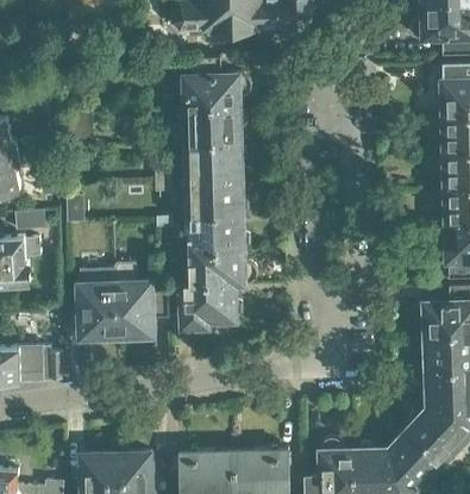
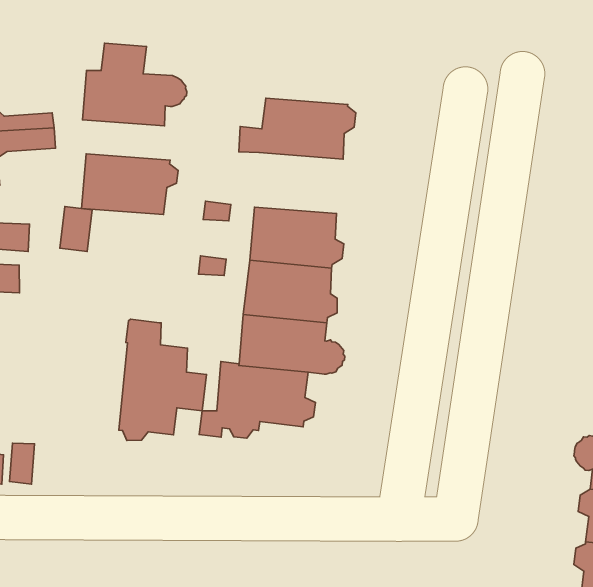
building: [184,58,251,111] -> [82,43,187,126]
building: [186,144,246,182] -> [81,154,178,215]
building: [79,280,117,343] -> none

